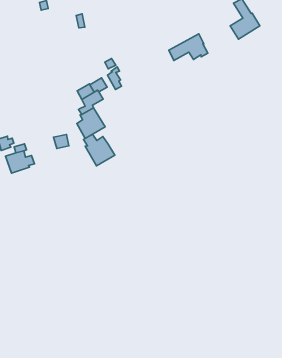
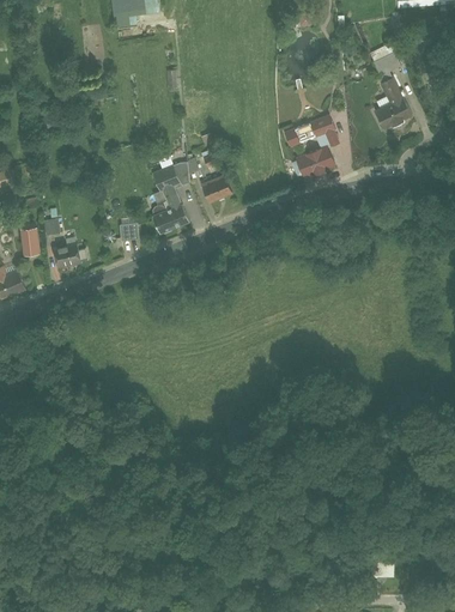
building: none -> [286,143,336,177]
building: none -> [199,172,231,205]
building: [83,134,115,166] -> none

